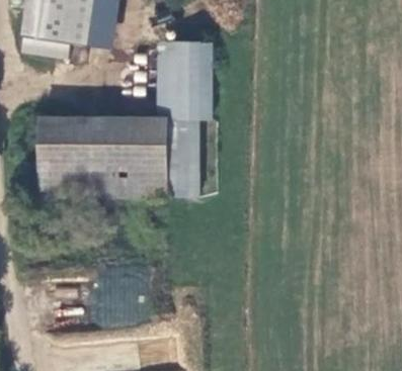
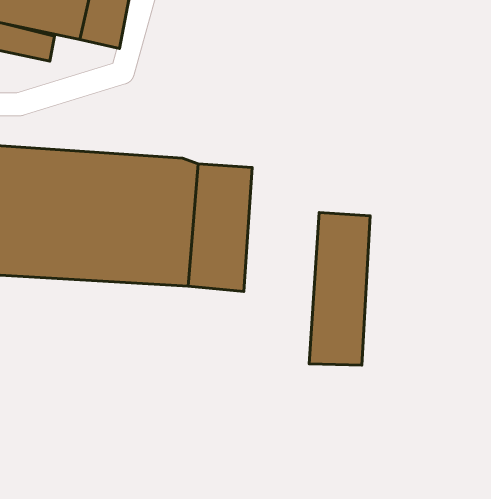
building: [157,40,215,119] -> none
building: none -> [309,212,370,365]

